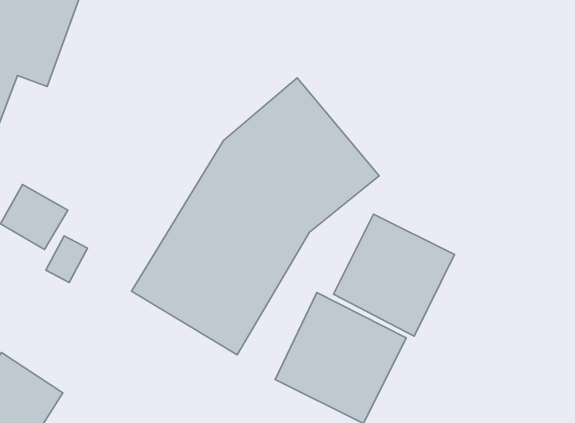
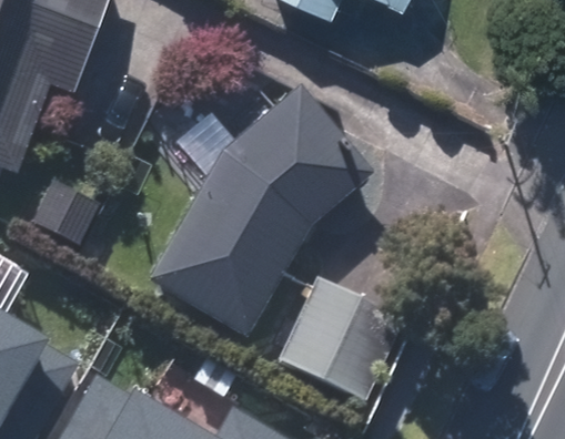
building: [333,214,455,336] -> none

